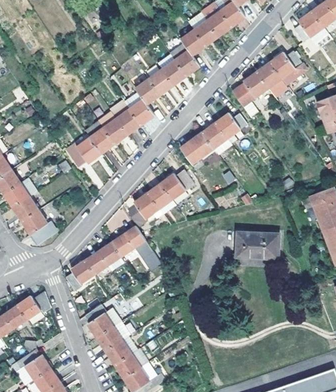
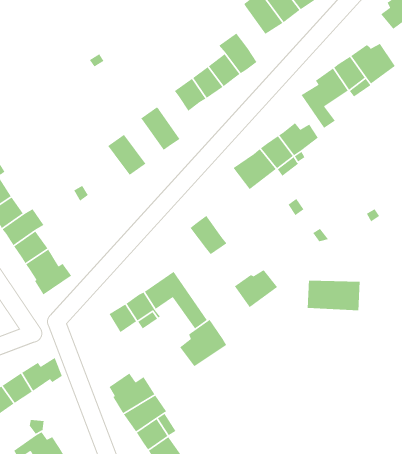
building: [177,24,205,55] -> none
building: [124,92,154,125] -> none
building: [97,110,127,144] -> none
building: [66,137,101,166] -> none
building: [160,170,194,200] -> [234,269,278,308]
building: [129,193,159,224] -> none
building: [65,259,94,290] -> none
building: none -> [179,319,227,367]

